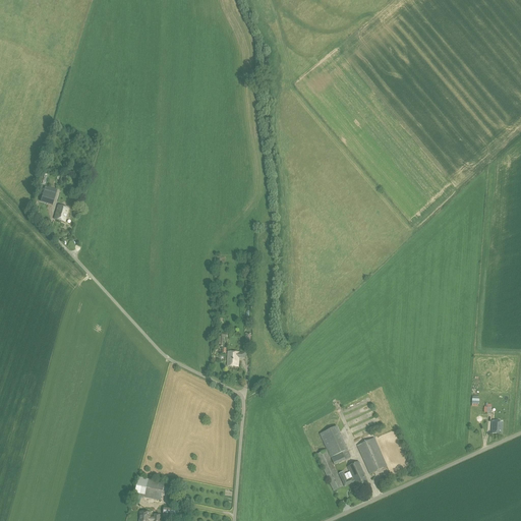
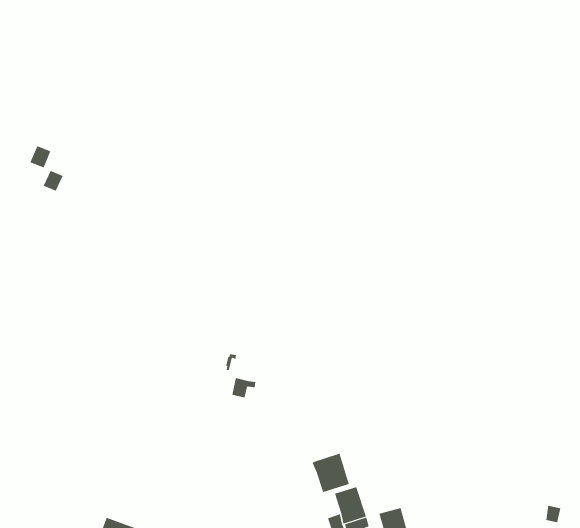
building: none -> [312,453,350,493]

